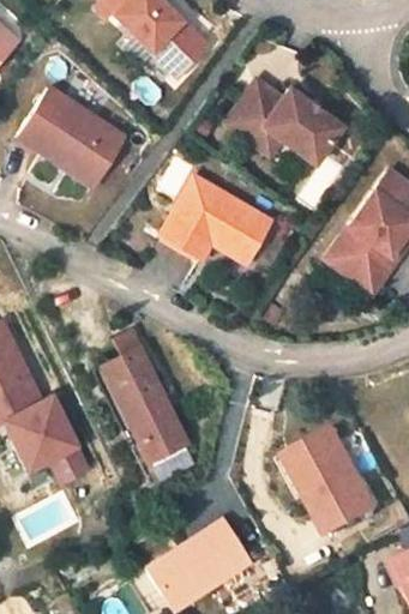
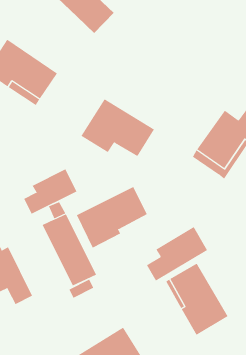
building: [224,83,339,167] -> none
building: none -> [24,168,77,215]
building: none -> [76,186,148,248]
building: none -> [146,226,208,281]

